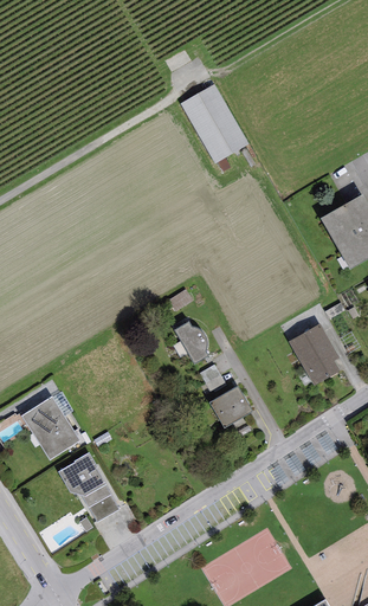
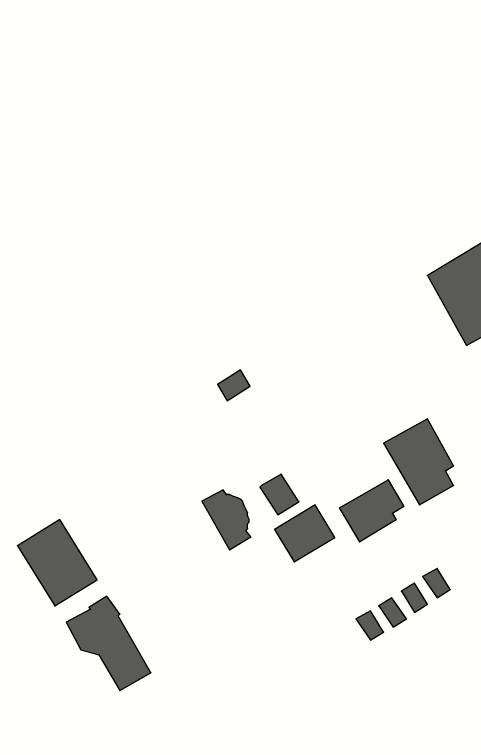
building: [181,83,250,162] -> none
building: [174,321,209,365] -> [202,490,251,550]
building: none -> [339,480,404,542]

